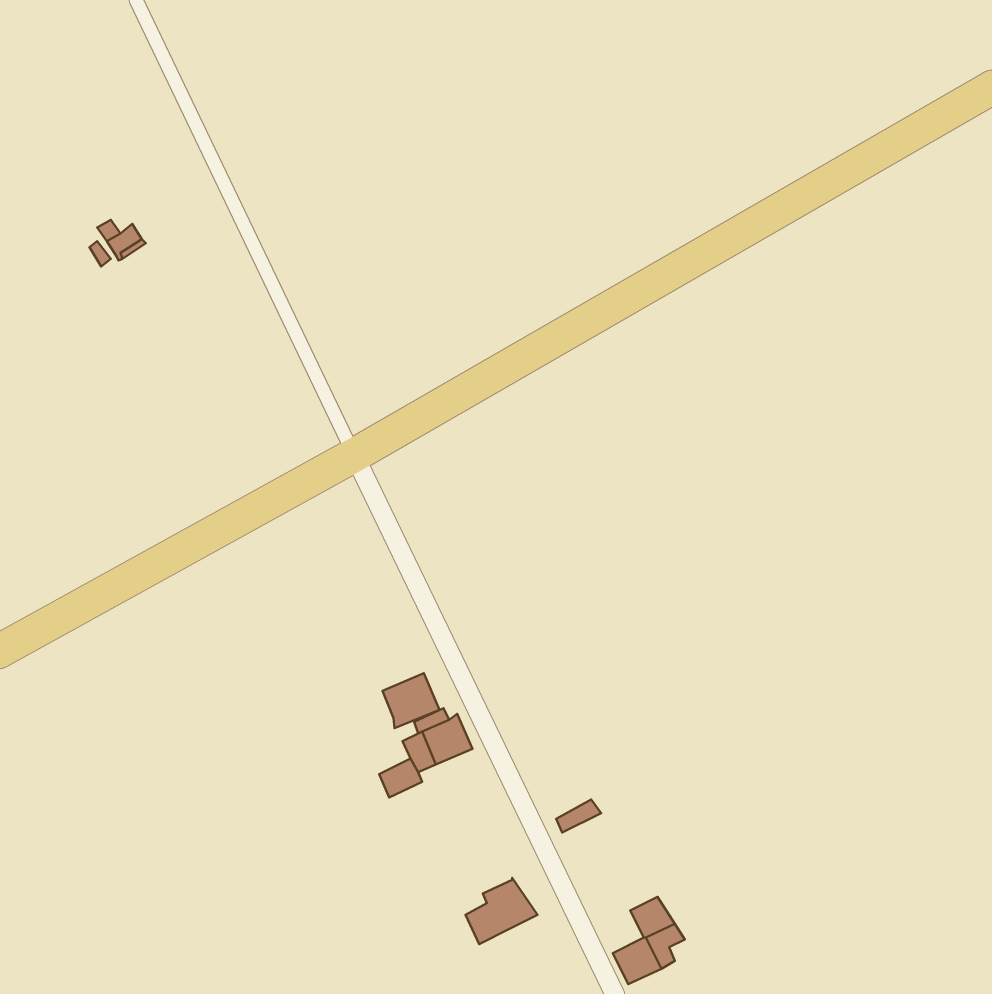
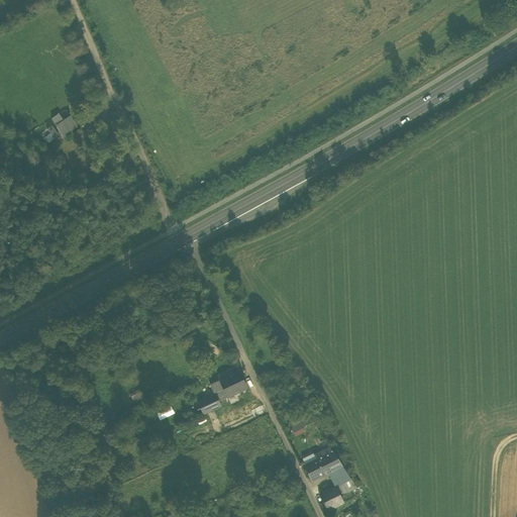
building: [382,673,439,728] -> none
building: [465,878,537,944] -> [304,446,341,481]

